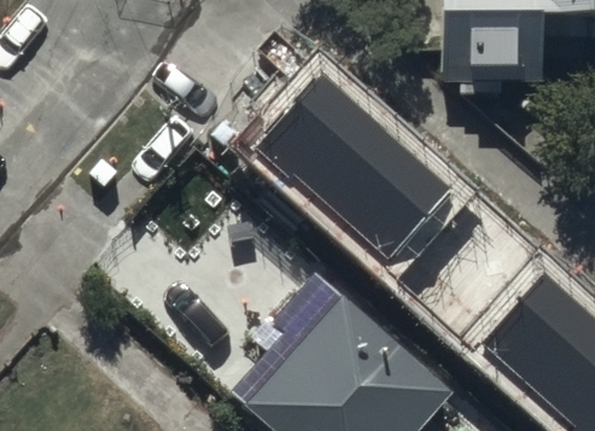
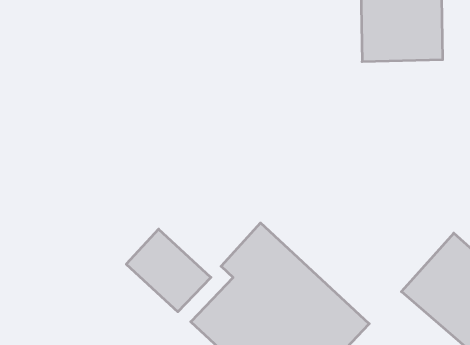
building: [267,82,461,270] -> none

